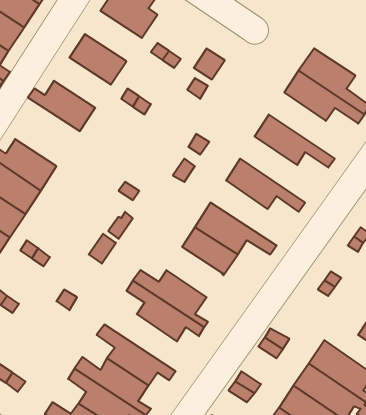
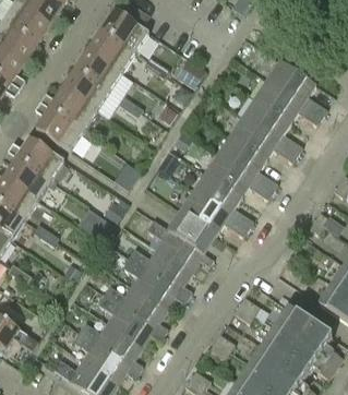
building: none -> [87,29,135,72]
building: none -> [61,69,109,111]
building: none -> [242,98,302,154]
building: none -> [34,103,83,152]
building: none -> [218,135,278,191]
building: none -> [193,172,253,227]
building: none -> [146,218,214,271]
building: none -> [104,285,167,333]

